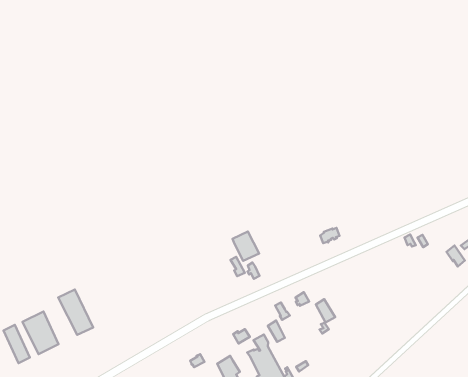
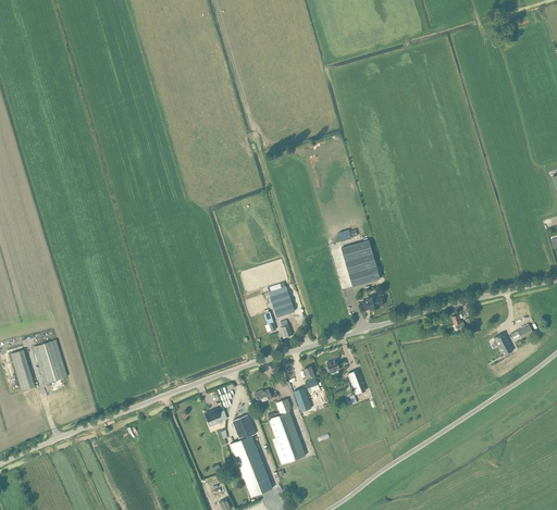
building: none -> [341,240,380,287]
building: [58,290,93,335] -> none

